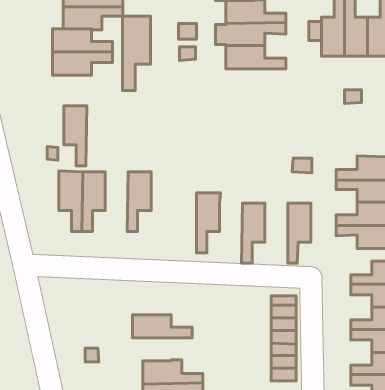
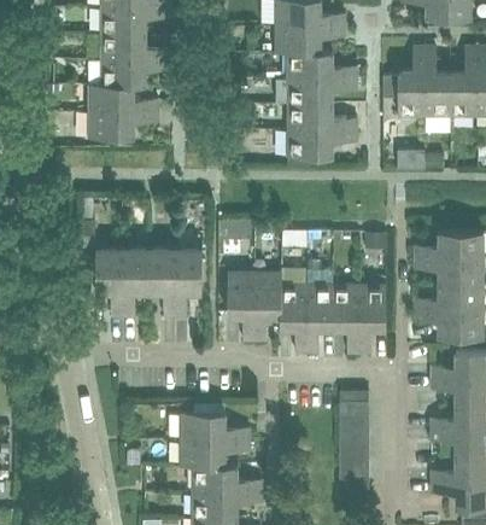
building: [122,16,150,90] -> none
building: none -> [288,130,357,157]
building: [64,106,87,166] -> [150,249,176,317]
building: none -> [228,272,254,342]
building: none -> [280,285,308,354]
building: none -> [333,285,359,354]
building: none -> [181,439,250,466]

